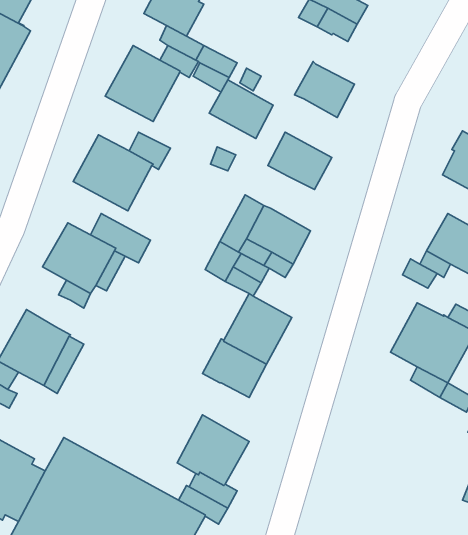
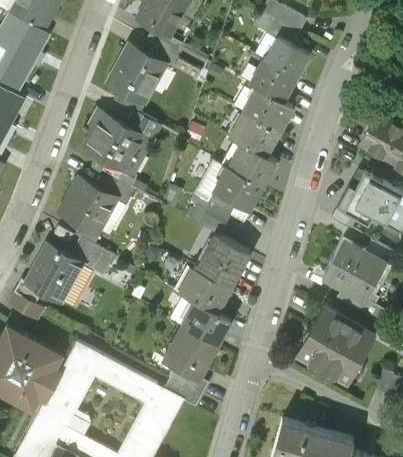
building: none -> [266,38,308,76]
building: [209,80,273,139] -> [243,87,291,131]
building: none -> [232,145,276,186]
building: none -> [71,238,105,272]
building: none -> [181,300,230,344]
building: none -> [296,305,375,382]

